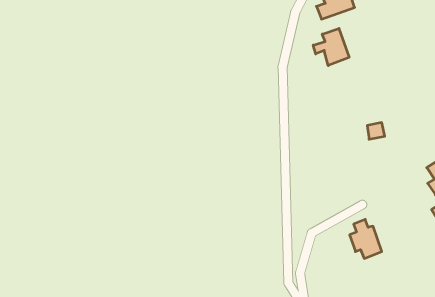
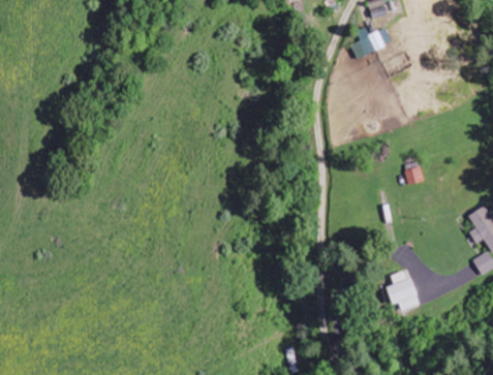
building: [313,28,349,66] -> none

